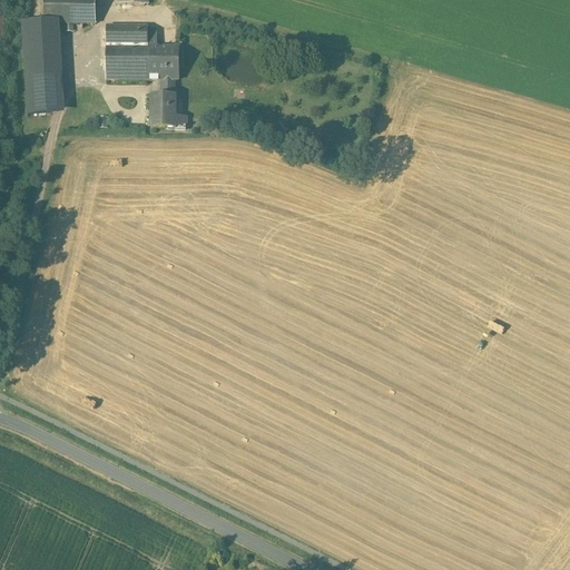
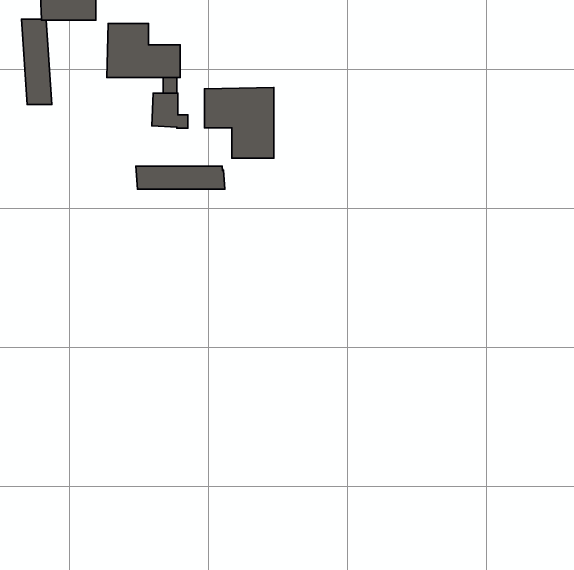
building: none -> [204,88,274,158]
building: none -> [136,166,225,189]

